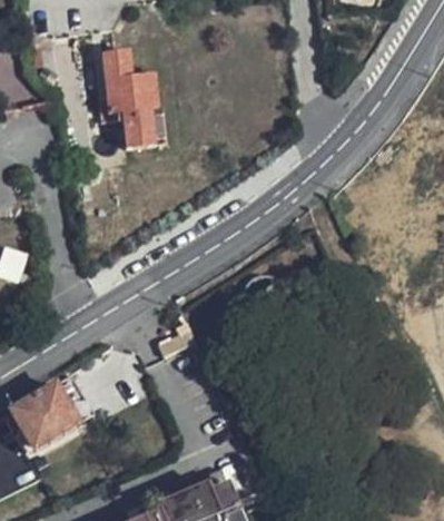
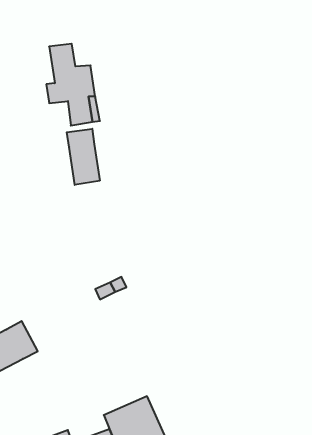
building: none -> [67,129,100,185]

